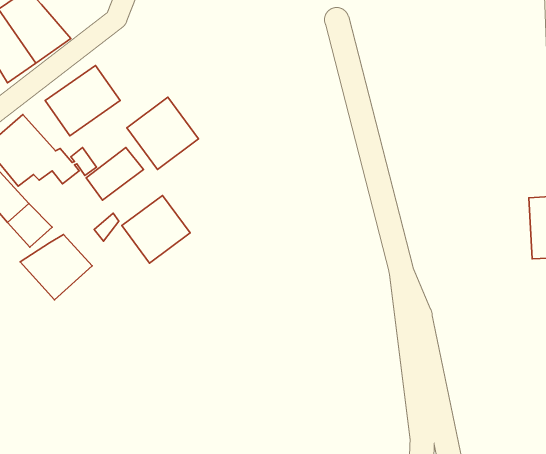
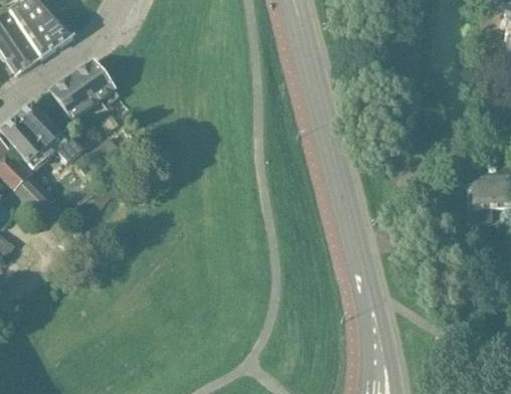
building: [127,97,199,169] -> none
building: [122,195,190,263] -> none
building: [20,235,92,300] -> none

